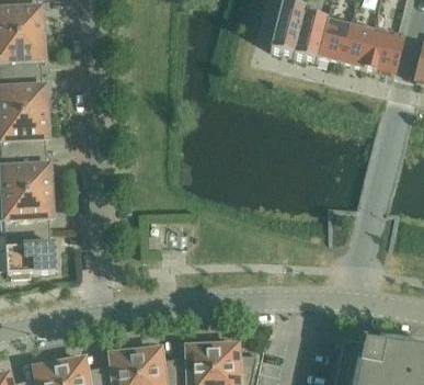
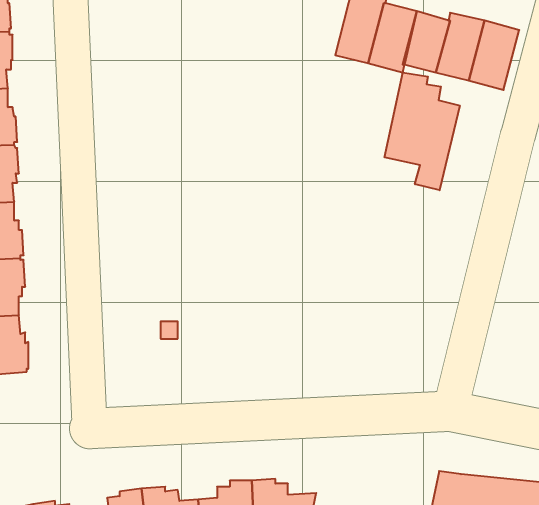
building: none -> [385,73,460,190]

